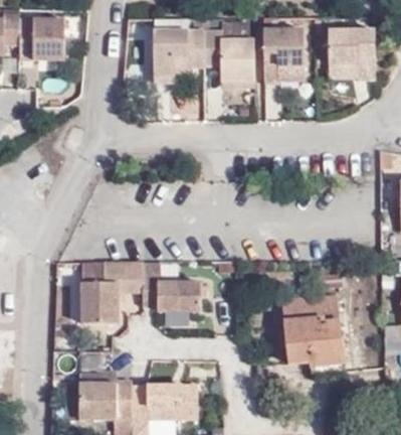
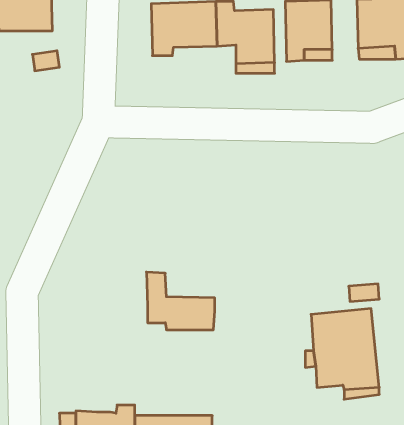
building: [83,263,145,324] -> none

